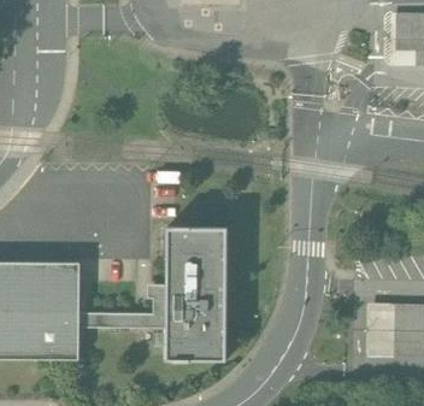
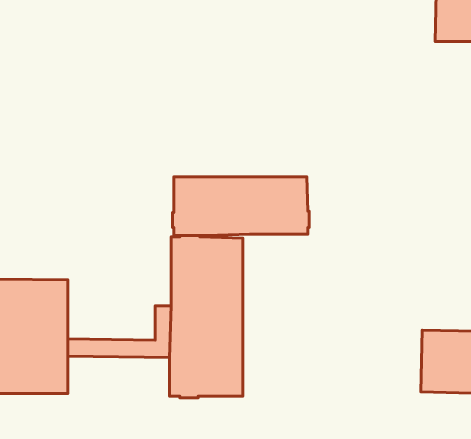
building: none -> [172,177,309,235]

